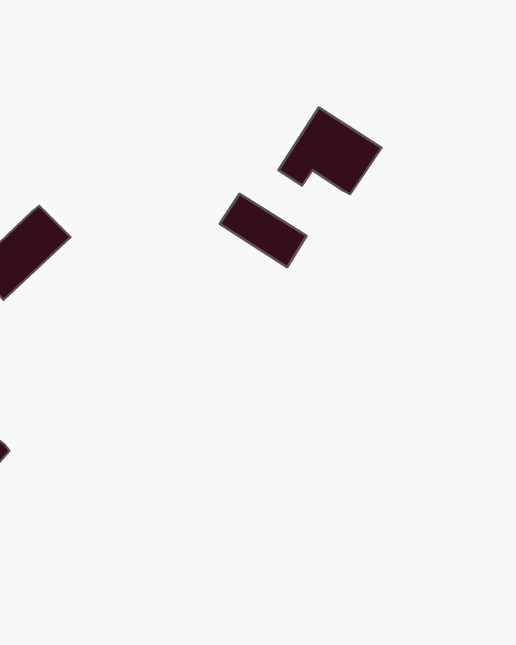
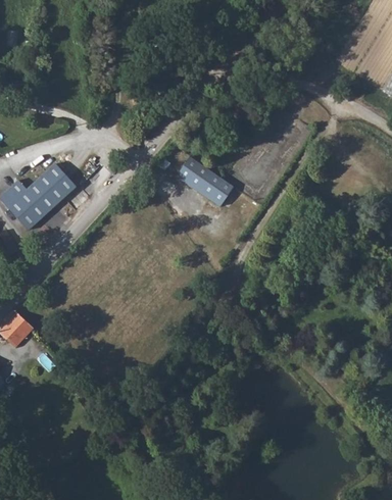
building: [279,107,381,194] -> none

